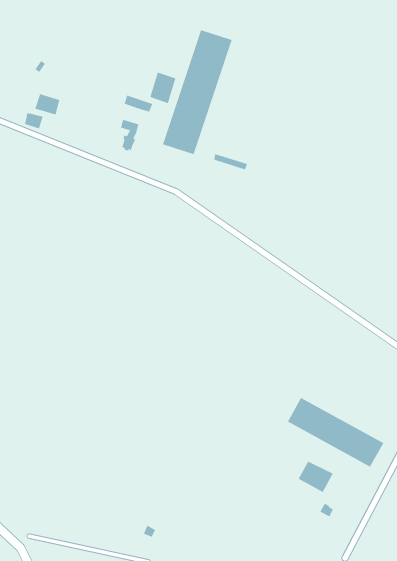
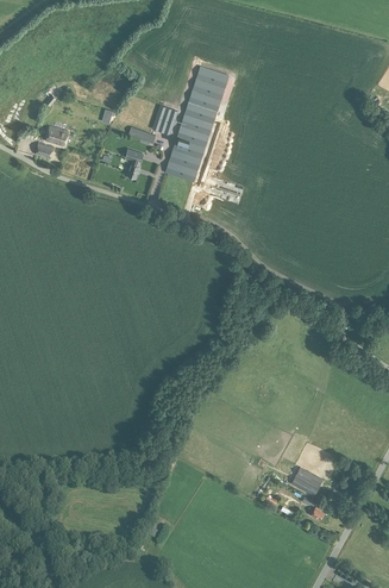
building: [287,397,384,468] -> none

